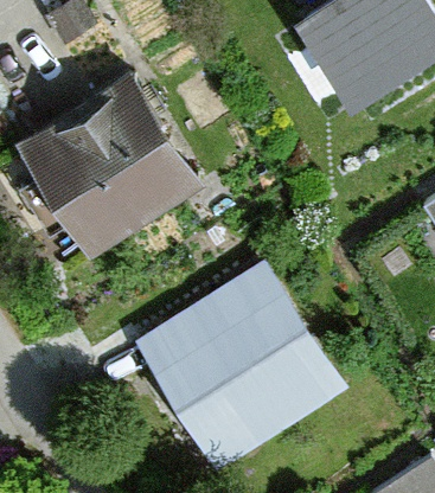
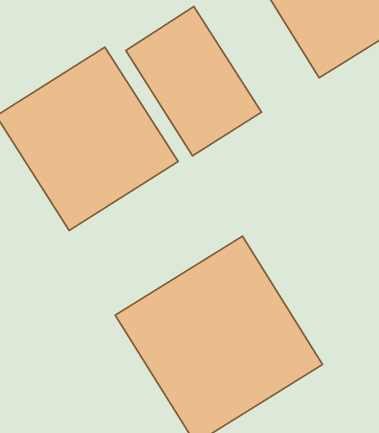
building: none -> [126,6,261,156]

